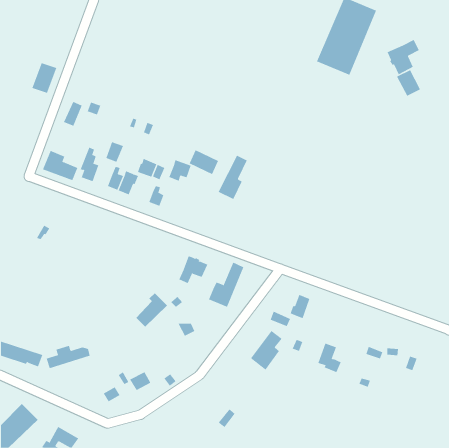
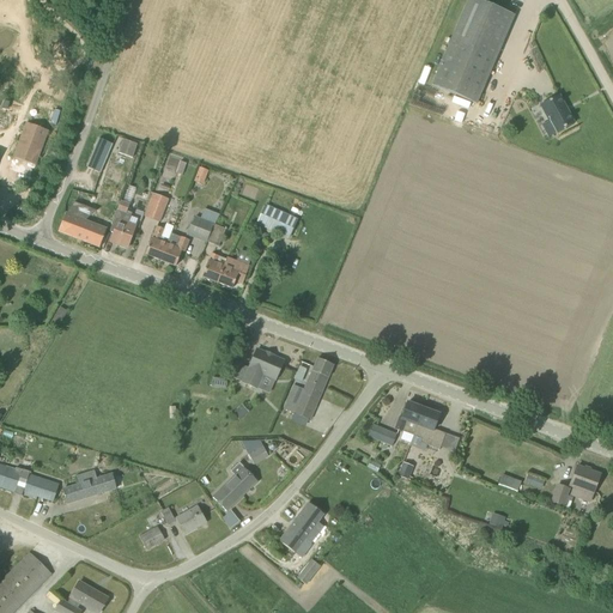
building: [387,39,420,75] -> none
building: [32,63,57,93] -> [13,122,48,164]
building: [218,155,247,200] -> none
building: [169,159,191,181] -> [218,257,249,287]
building: [135,292,168,328] -> [213,462,257,510]
building: [250,330,283,370] -> [279,502,323,557]
building: none -> [569,465,600,493]
building: [318,343,341,373] -> [413,407,445,448]

